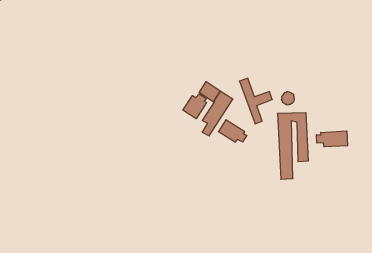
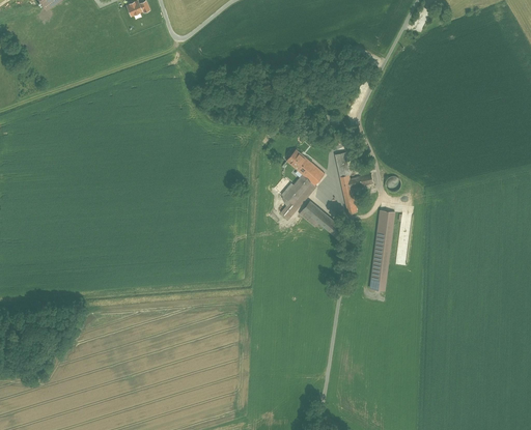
building: [183,94,207,119] -> none
building: [316,131,348,147] -> none

